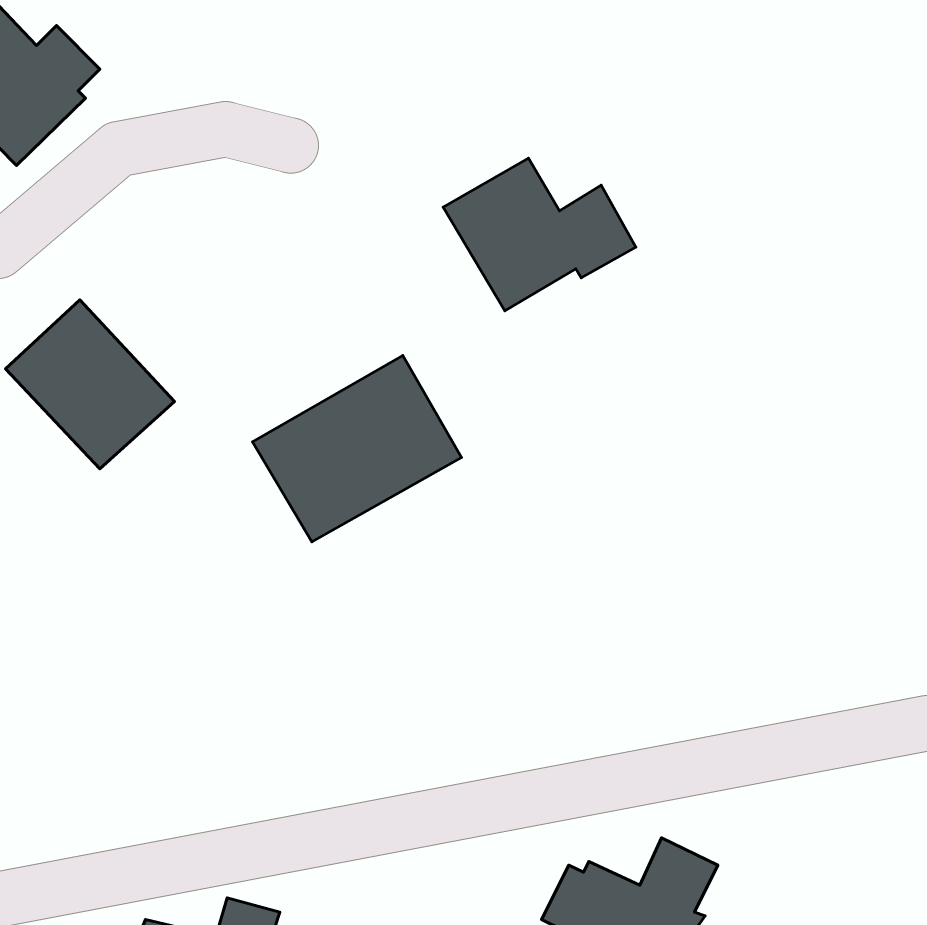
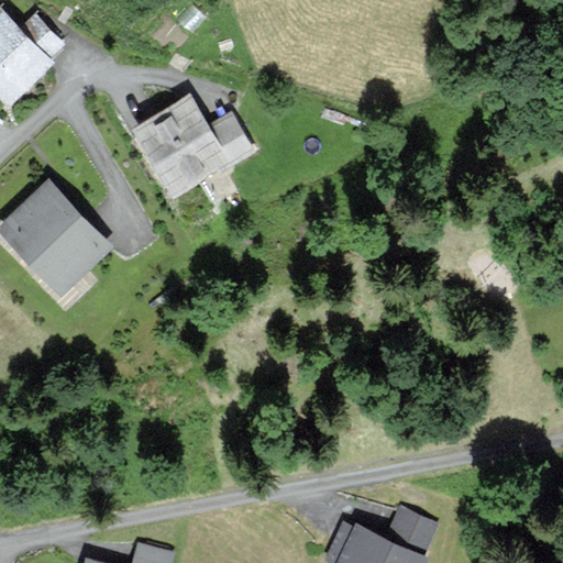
building: [443,158,636,311] -> [136,97,253,189]
building: [253,356,462,542] -> none

